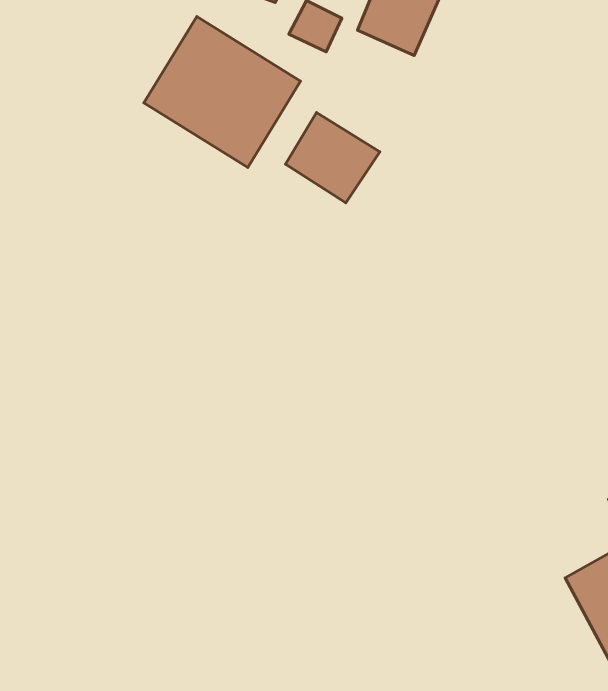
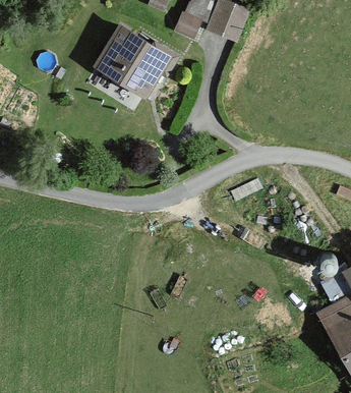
building: [286,113,380,203] -> none

